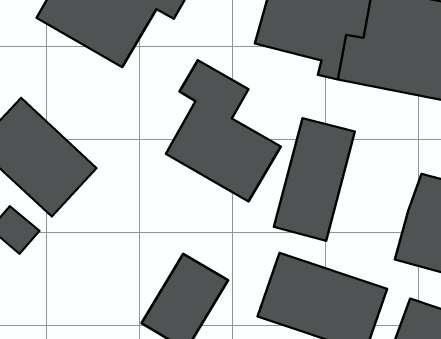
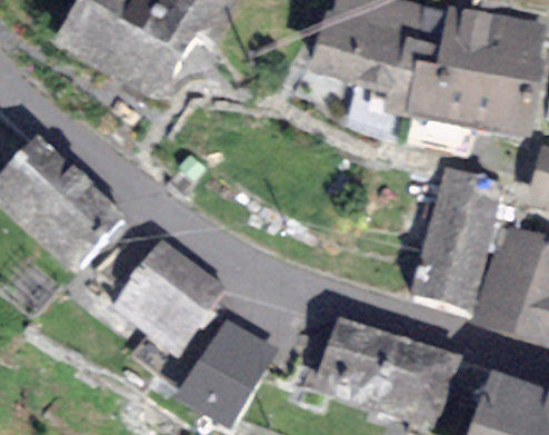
building: [166,60,281,202] -> none
building: [274,118,355,241] -> [410,167,505,310]
building: none -> [112,239,224,357]

